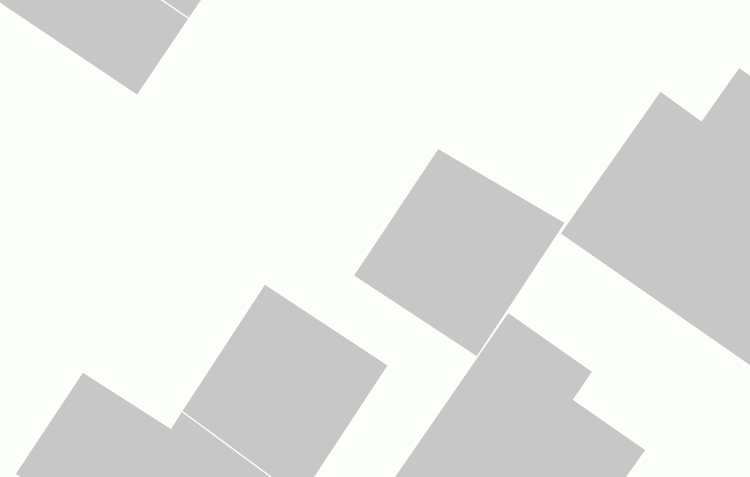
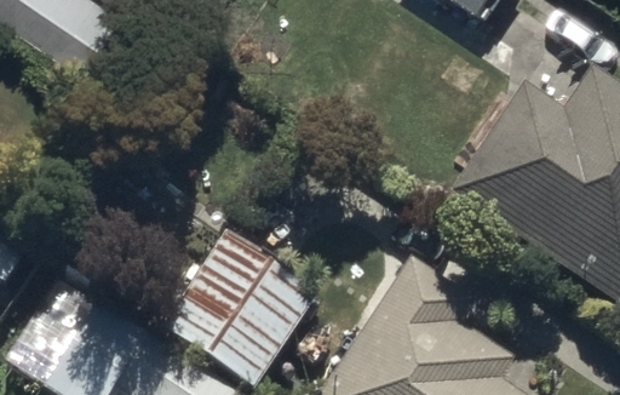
building: [353,148,566,357] -> none

